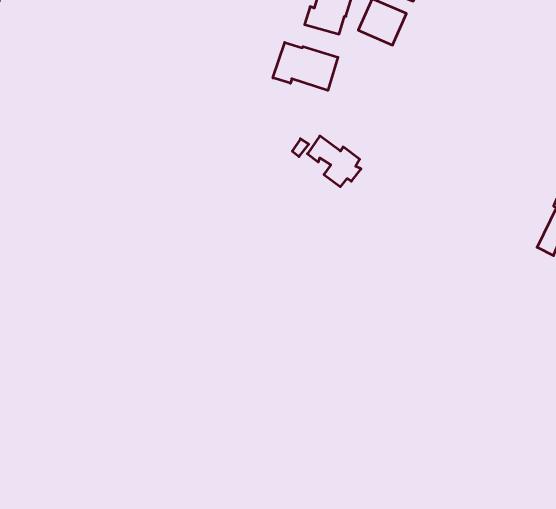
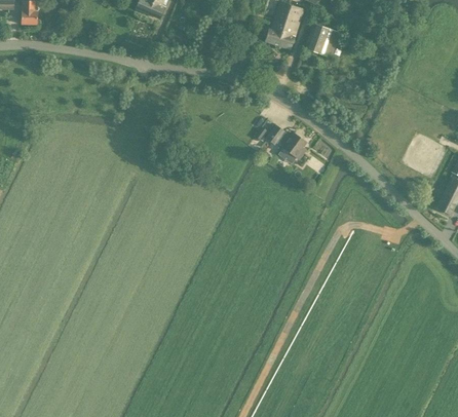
building: [273,42,338,90] -> none

